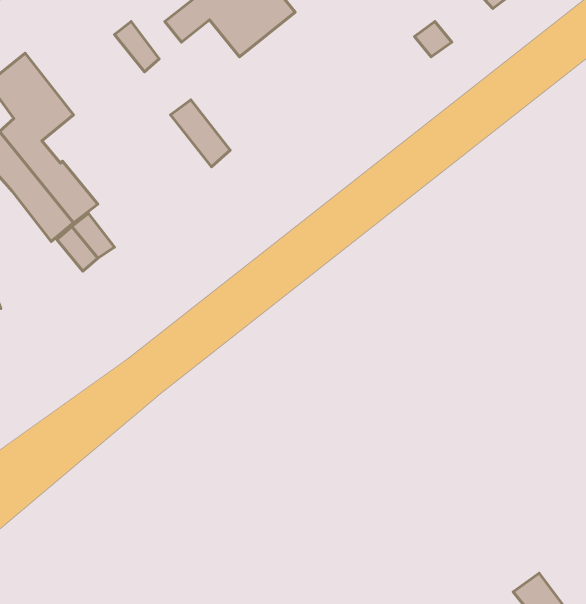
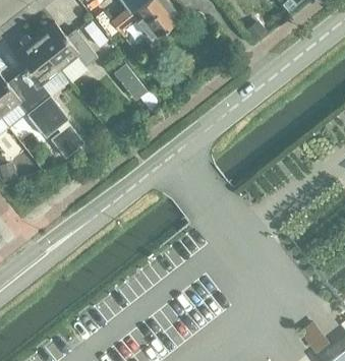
building: none -> [34,22,98,72]

